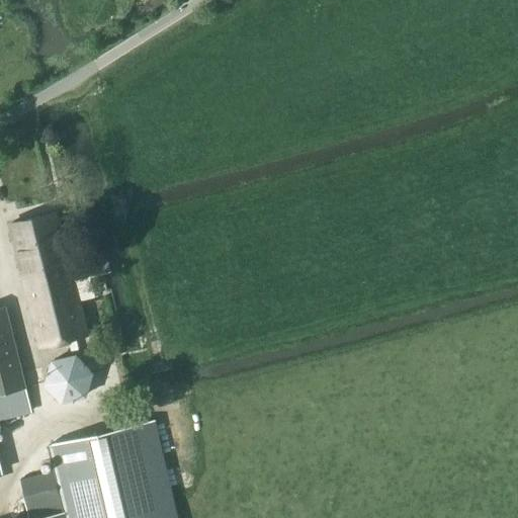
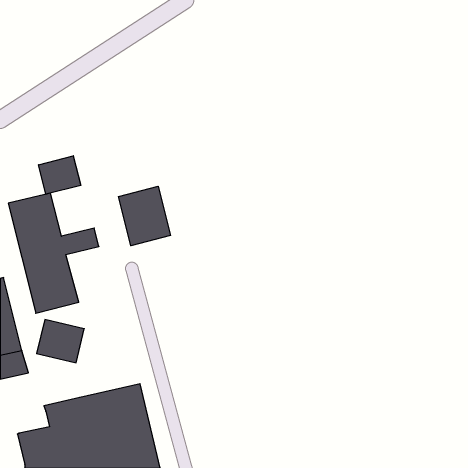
building: none -> [39,156,81,194]
building: none -> [118,186,170,246]

